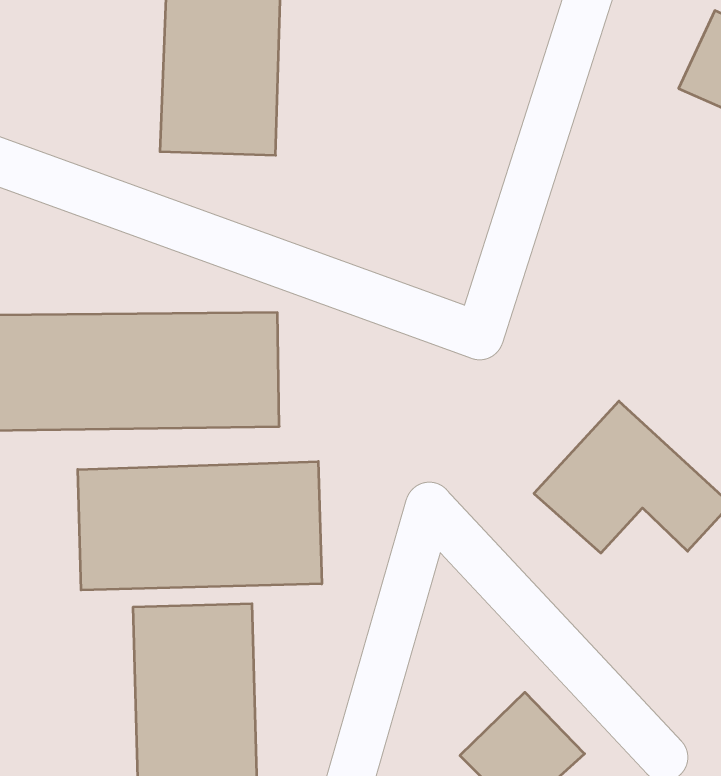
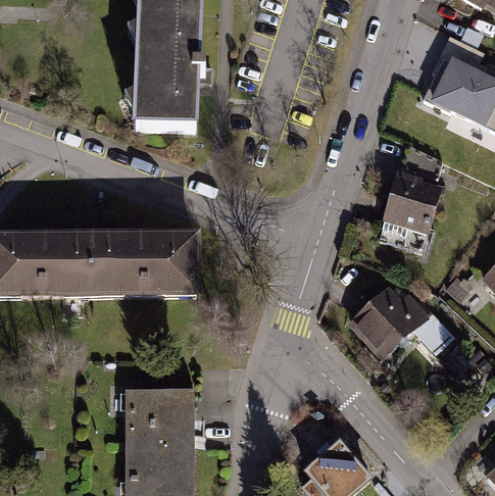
building: none -> [377,175,441,253]
building: [78,461,322,590] -> none

